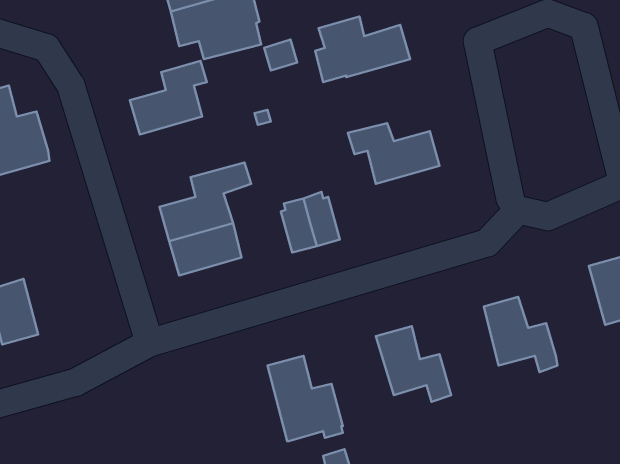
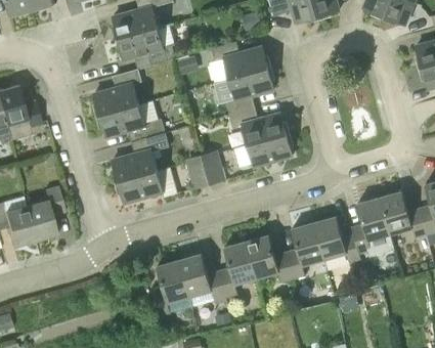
building: none -> [226,69,273,115]
building: none -> [99,104,165,142]
building: none -> [234,135,292,168]
building: none -> [27,187,64,241]
building: none -> [351,198,390,254]
building: none -> [287,223,323,278]
building: none -> [219,242,258,298]
building: none -> [150,260,191,316]

